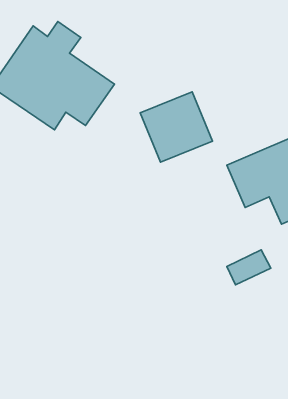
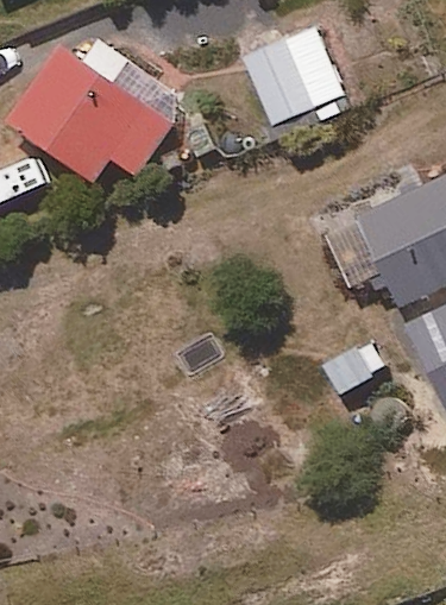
building: [140,92,213,162] -> [244,27,341,122]

